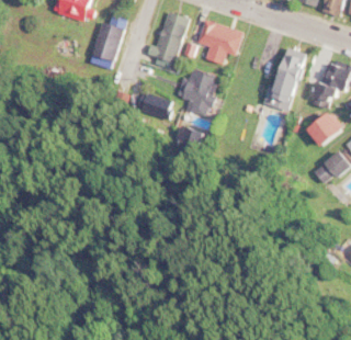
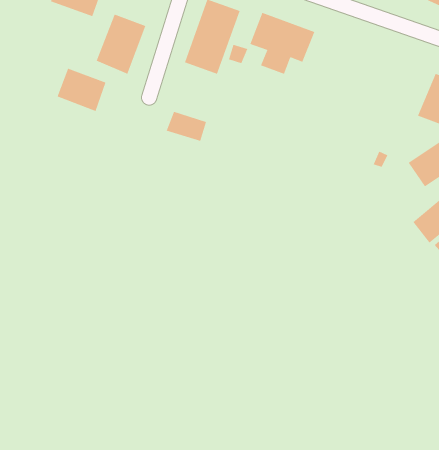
building: [263,55,306,111] -> none
building: none -> [57,68,106,112]
building: [173,66,212,105] -> none

